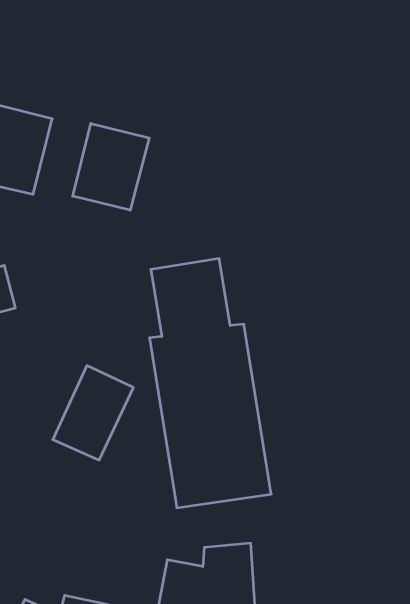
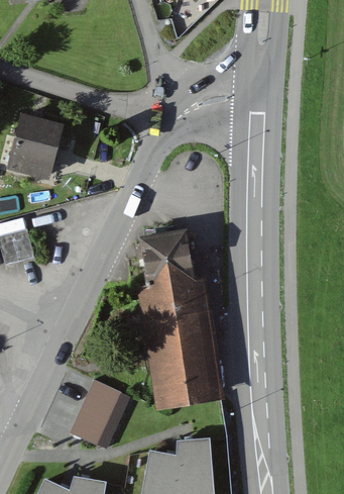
building: [73,123,149,210] -> none
building: [53,366,133,460] -> [69,382,128,452]

